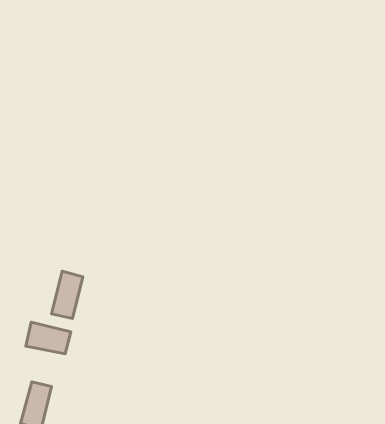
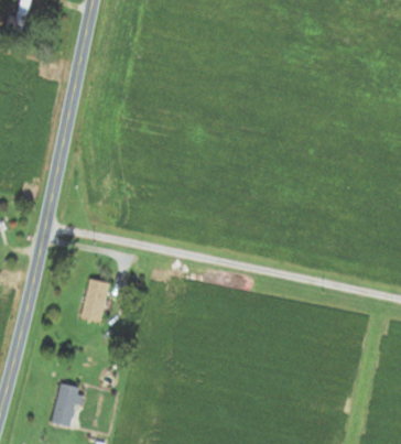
building: [26,322,71,354] -> none

